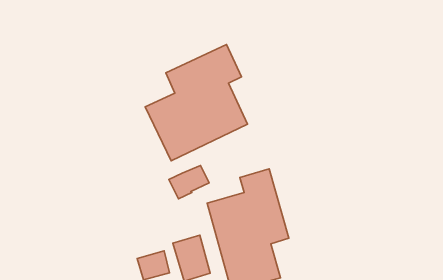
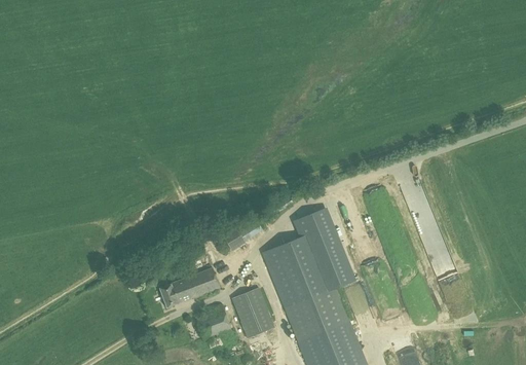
building: [145,45,248,161] -> none
building: none -> [159,267,220,307]

